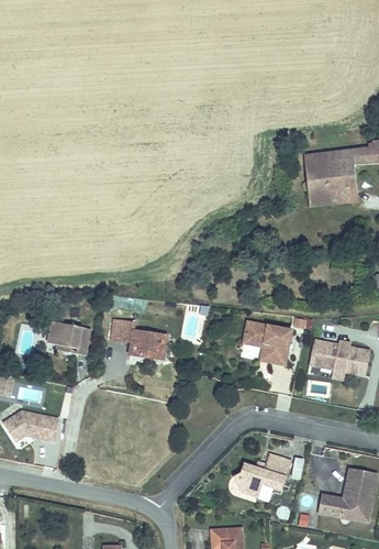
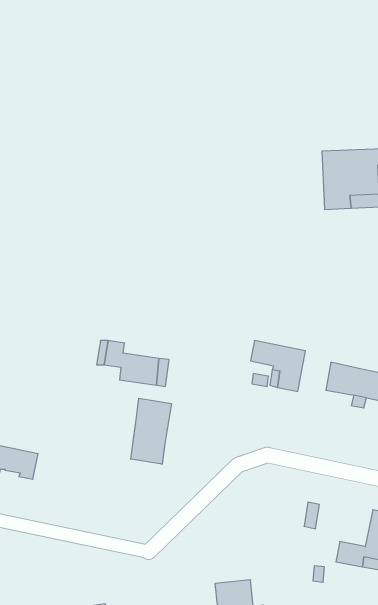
building: [47,320,90,354] -> none
building: none -> [131,398,171,464]
building: [232,450,290,495] -> none

